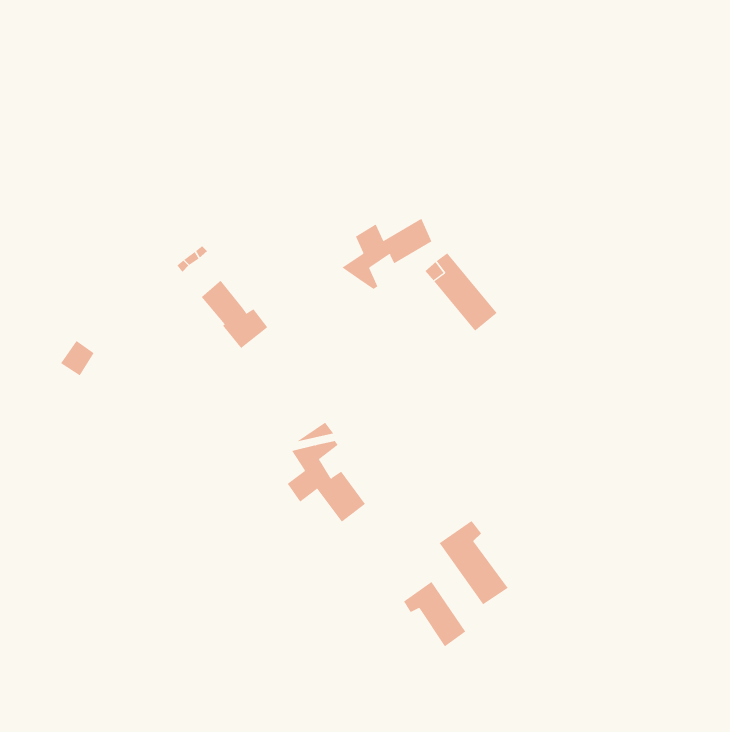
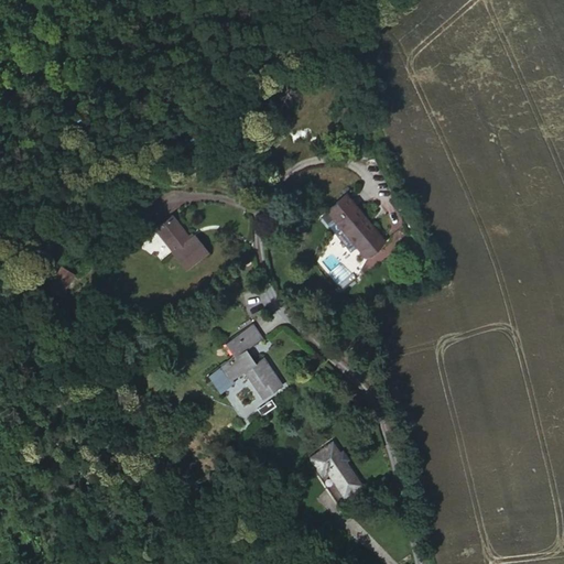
building: [341,218,432,290] -> none
building: [439,520,508,605] -> none

